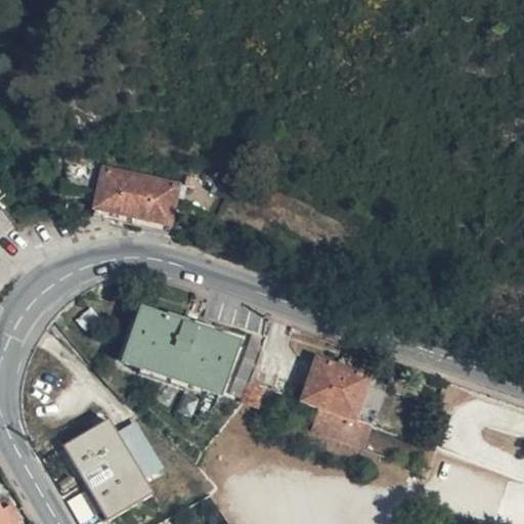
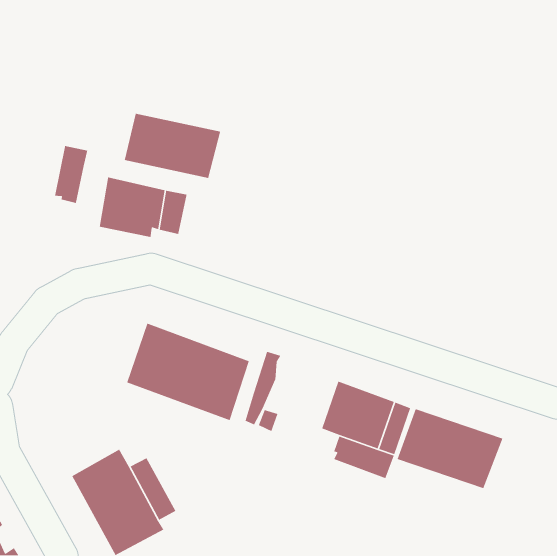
building: none -> [124,113,221,179]
building: none -> [54,145,88,204]
building: none -> [397,408,503,489]

